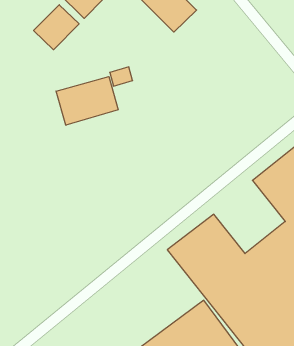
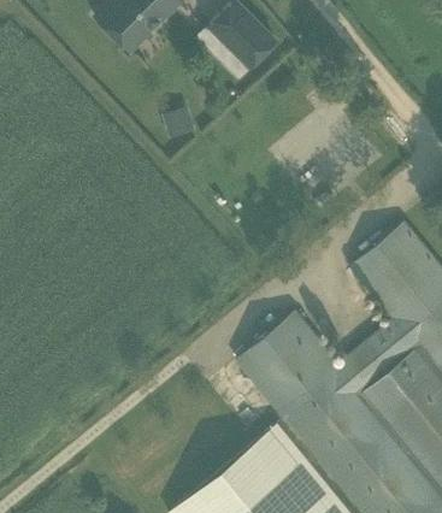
building: [34,5,79,50] -> none
building: [56,77,118,125] -> none

